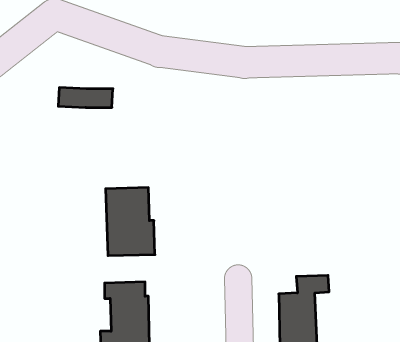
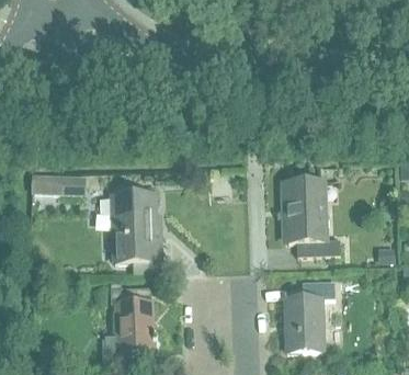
building: [58,88,113,107] -> [31,174,86,194]
building: none -> [281,180,340,255]

